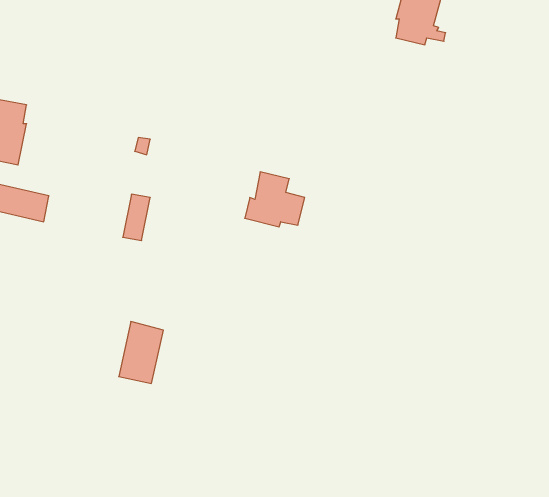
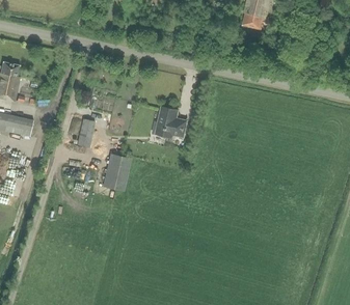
building: [119,322,163,383] -> [103,154,130,191]

